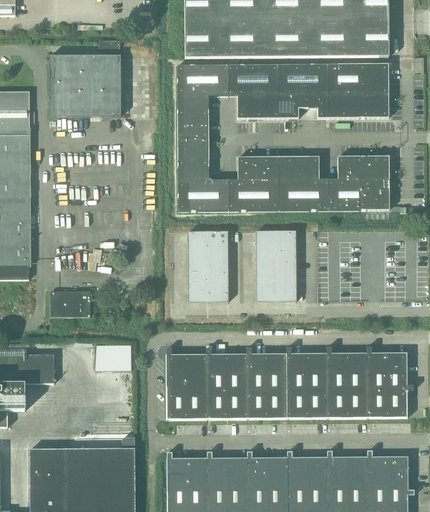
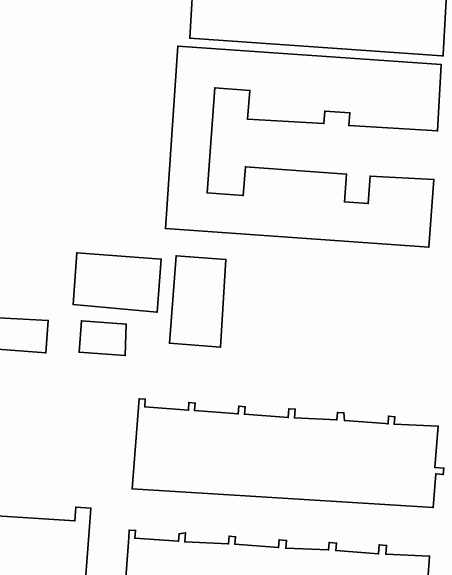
building: [48,56,120,117] -> none
building: [255,231,296,302] -> none
building: none -> [73,253,161,312]
building: [94,346,131,371] -> [79,321,126,356]

